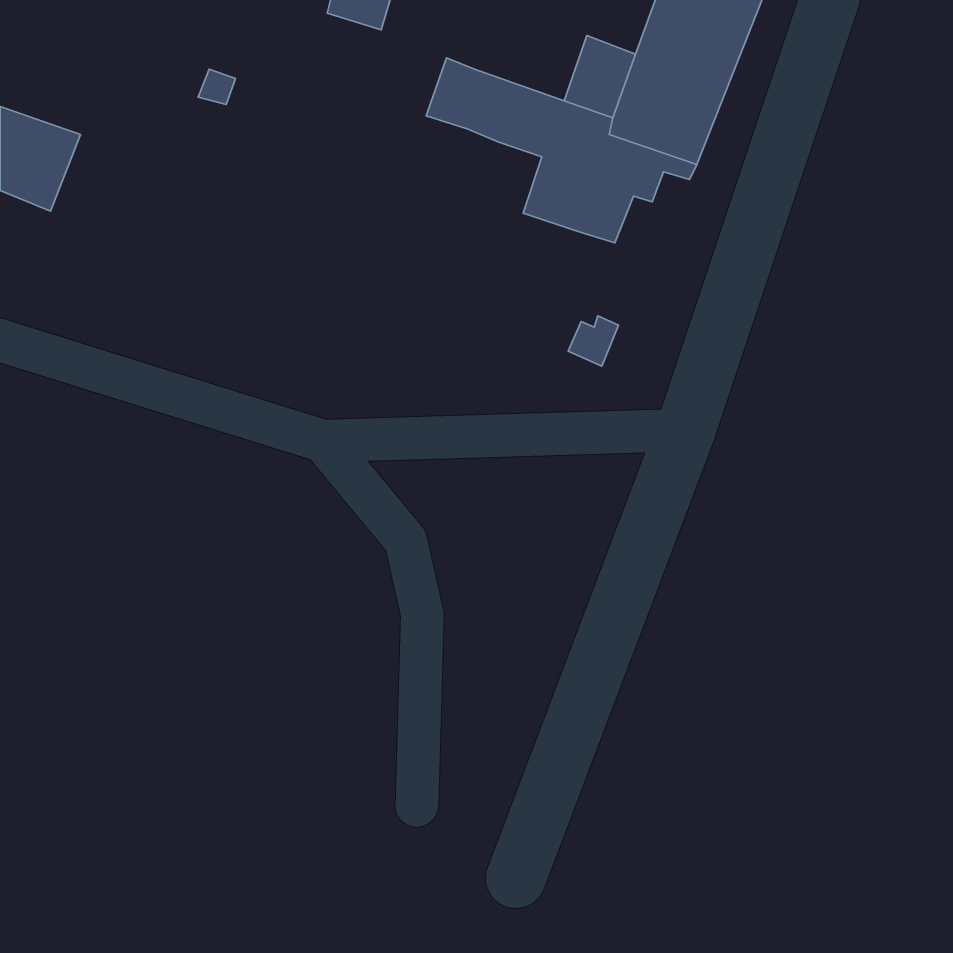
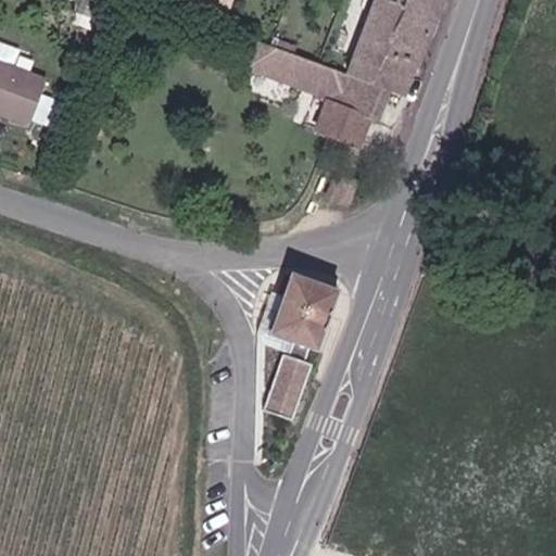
building: none -> [265,274,333,352]
building: none -> [263,357,309,421]

